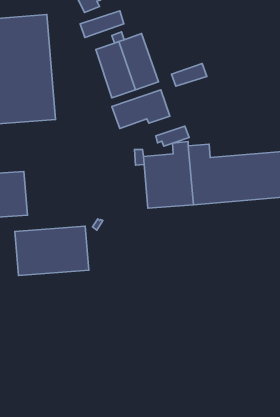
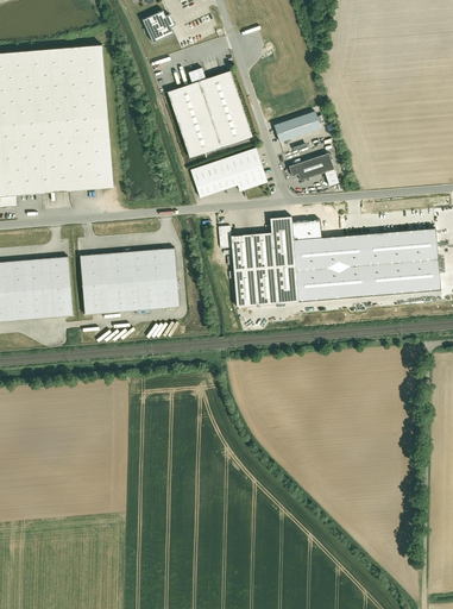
building: [80,11,124,38] -> none
building: [156,126,189,146] -> [289,153,334,181]
building: [15,226,89,275] -> [81,249,181,315]

